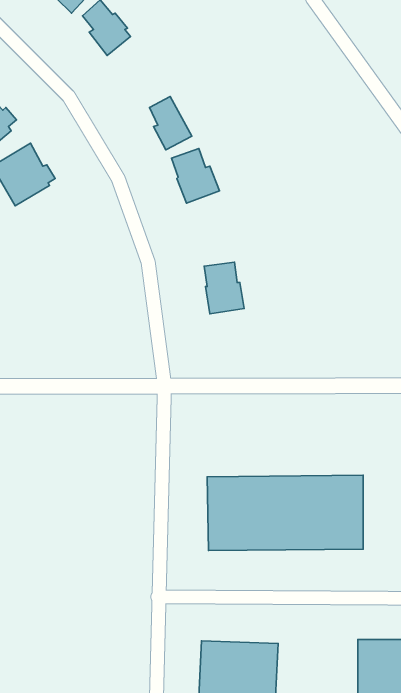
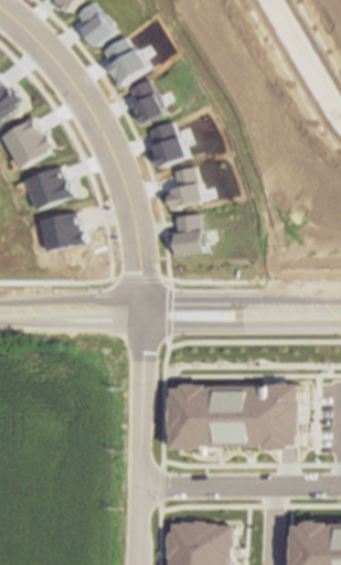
building: none -> [99,39,146,84]
building: none -> [164,167,199,209]
building: none -> [22,168,72,211]
building: none -> [36,212,84,252]

